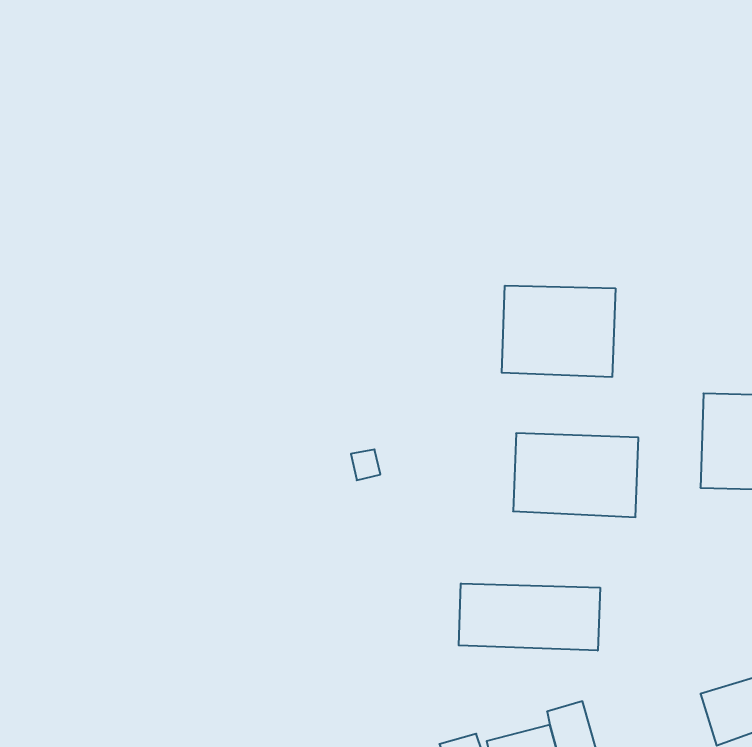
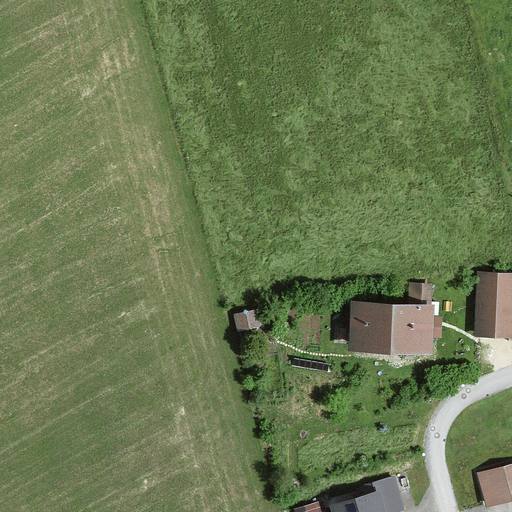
building: [502,286,615,377] -> none
building: [459,583,600,651] -> none

